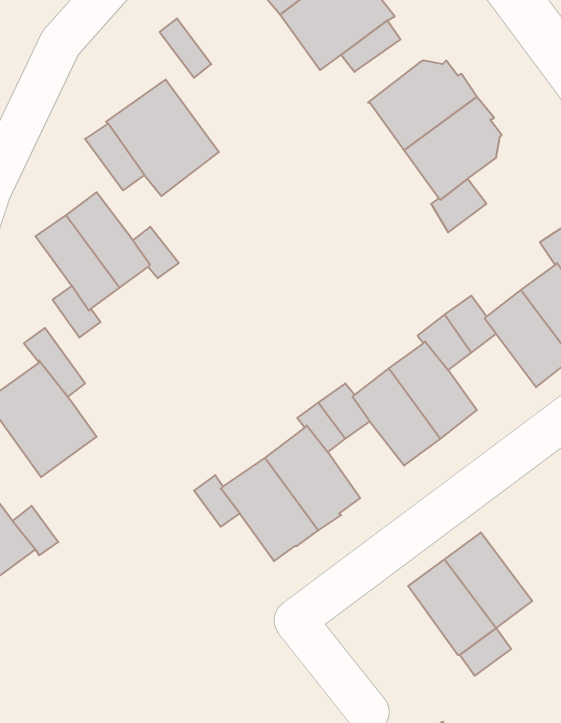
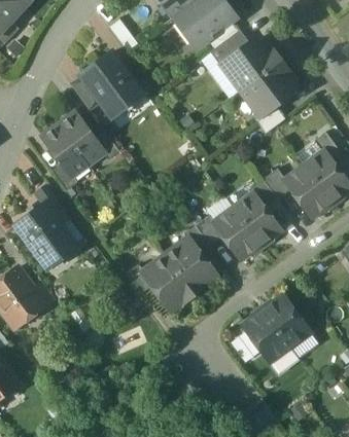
building: none -> [210,31,249,67]

